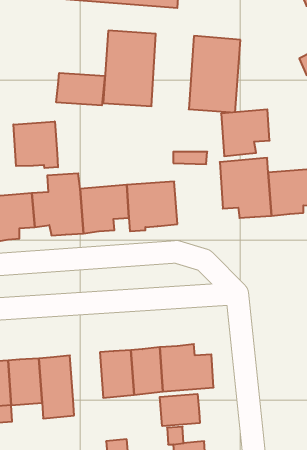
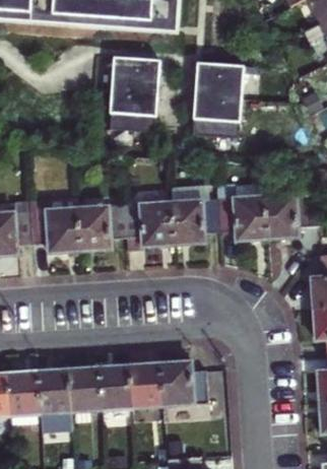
building: [56,73,105,105] -> none
building: [221,109,270,156] -> [173,199,220,245]
building: [13,121,58,168] -> none
building: none -> [70,371,103,417]
building: [160,394,200,426] -> none

